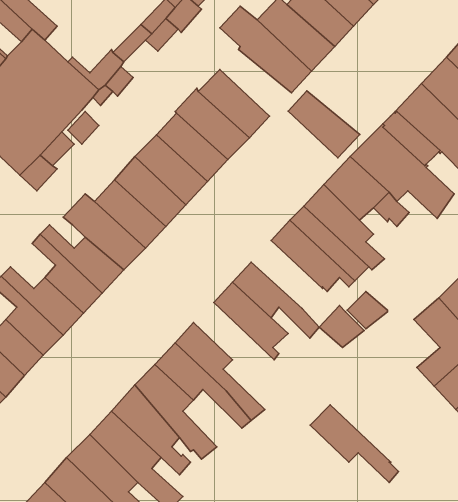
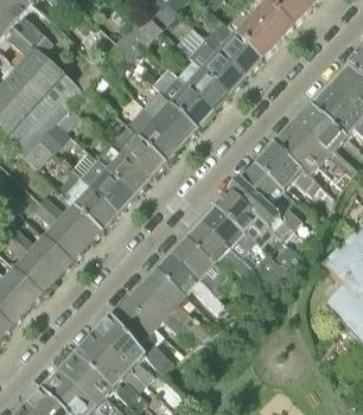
building: [288,91,360,158] -> [174,60,229,111]
building: none -> [198,206,253,258]
building: [310,405,399,482] -> [154,254,222,313]

